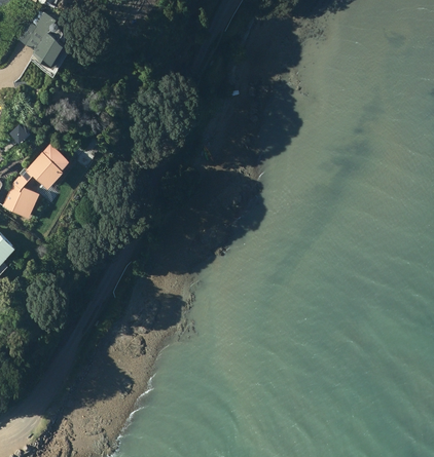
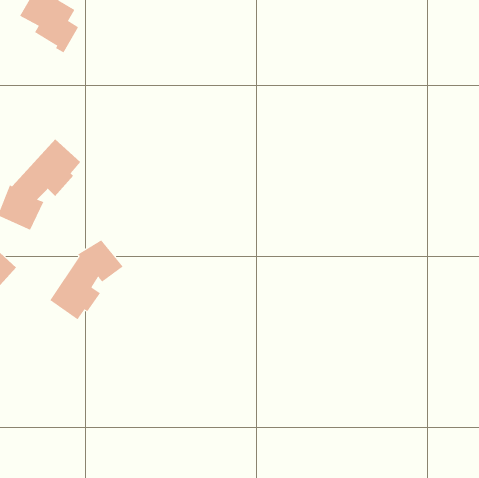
building: none -> [50,239,123,320]

